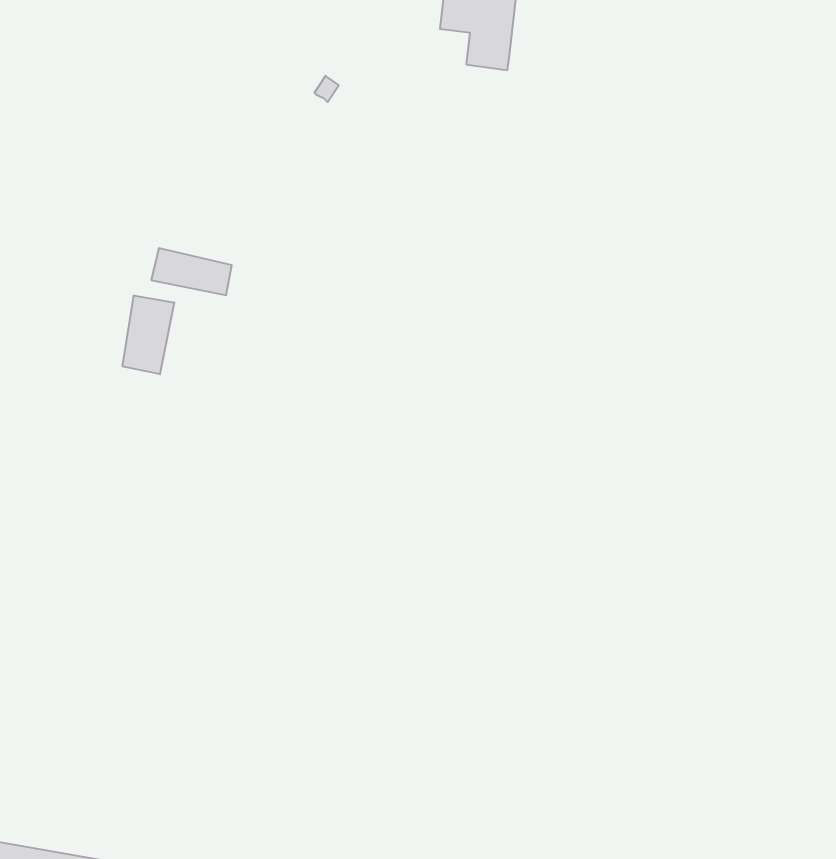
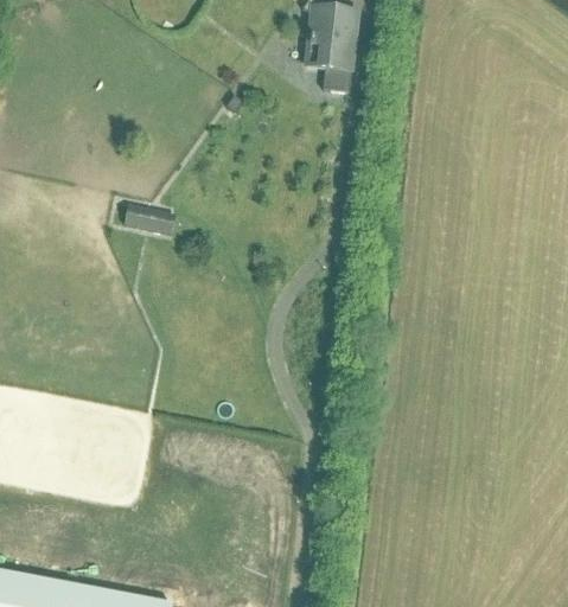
building: [123,295,174,374] -> none

